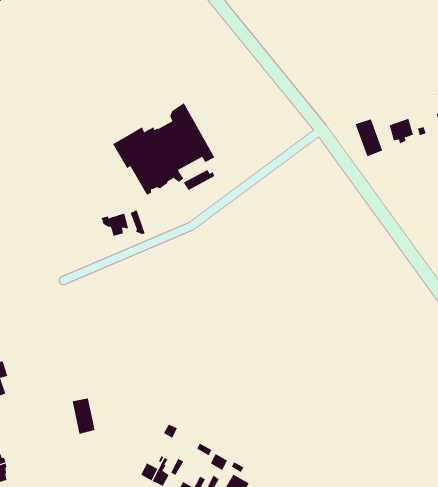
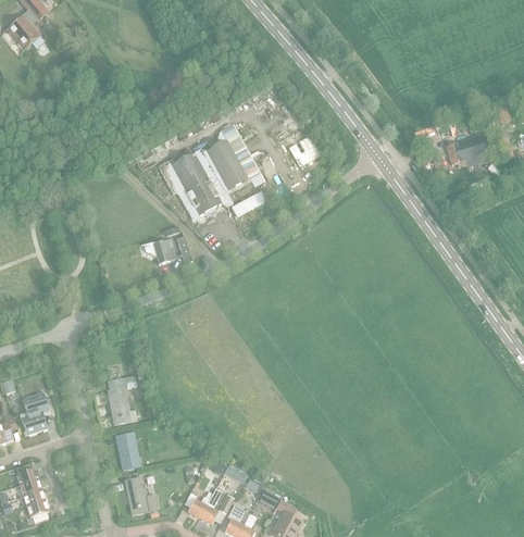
building: [355,118,383,157] -> none
building: none -> [107,375,137,424]
building: none -> [125,476,157,514]

